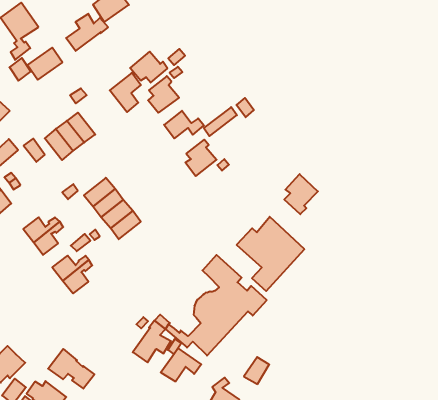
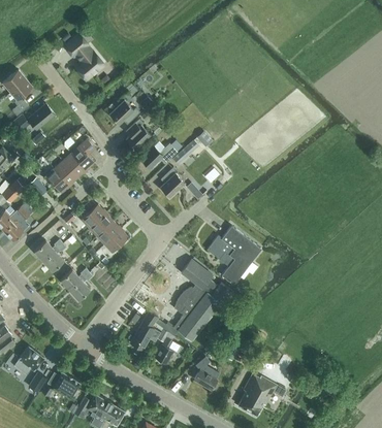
building: [66,14,108,51] -> none
building: [110,73,141,112] -> [70,138,95,170]
building: [284,174,318,214] -> none
building: [48,349,94,389] -> none

